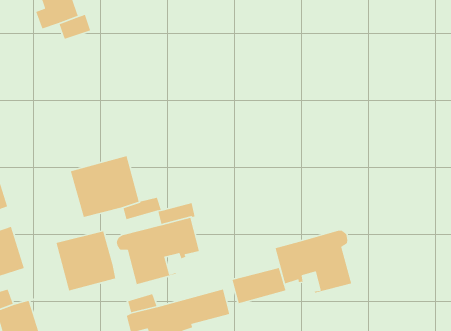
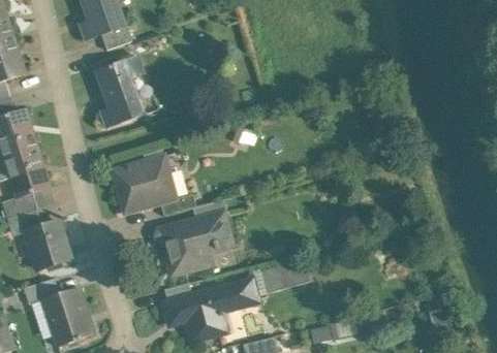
building: none -> [96,55,144,127]
building: [274,230,352,293] -> none
building: [56,230,116,292] -> none

